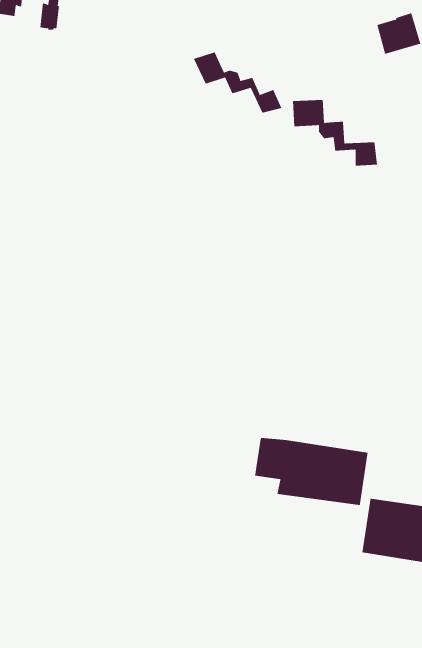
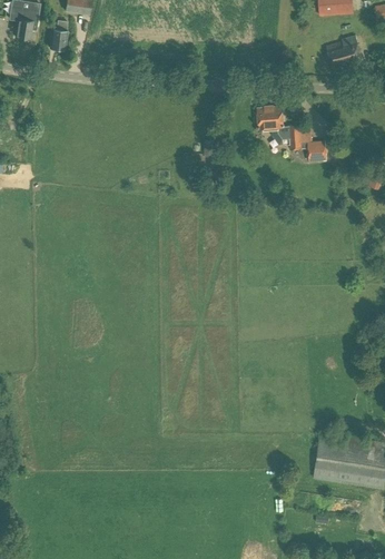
building: [193,51,282,113] -> none
building: [255,437,368,506] -> none

